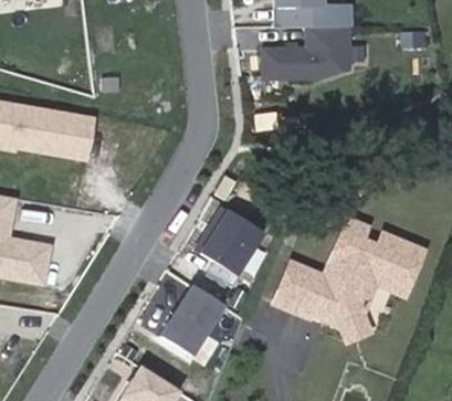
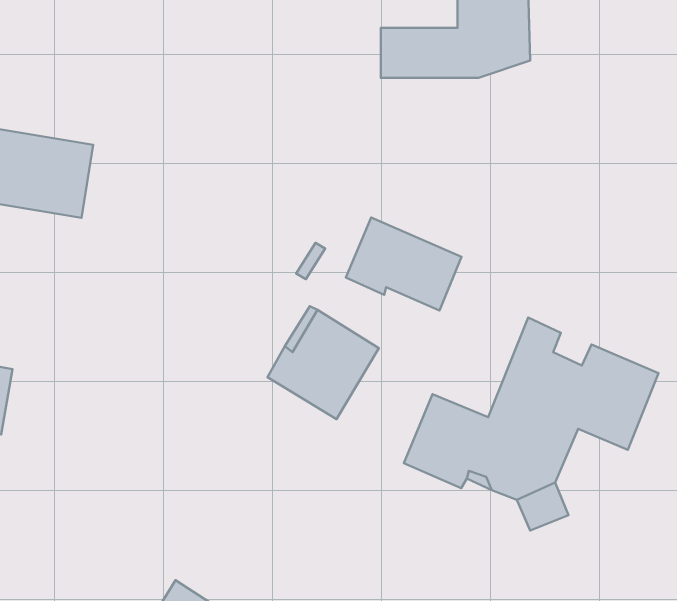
building: none -> [346,218,461,311]
building: [164,287,225,357] -> none

